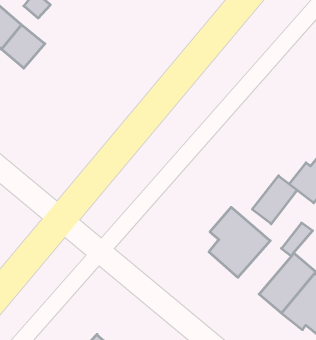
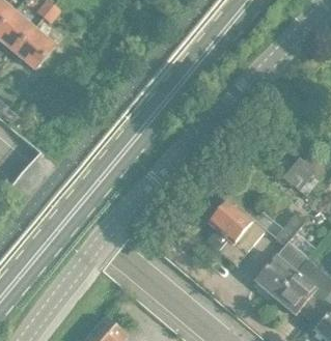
building: [252,176,297,224] -> none

